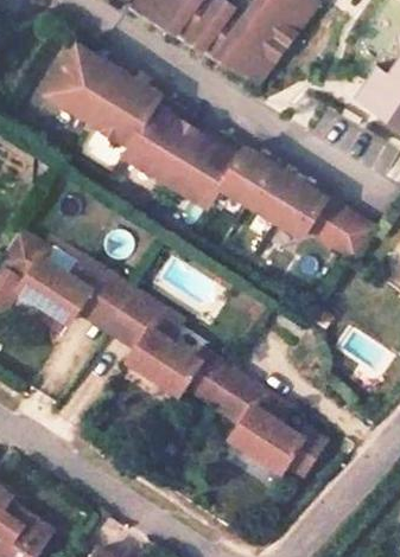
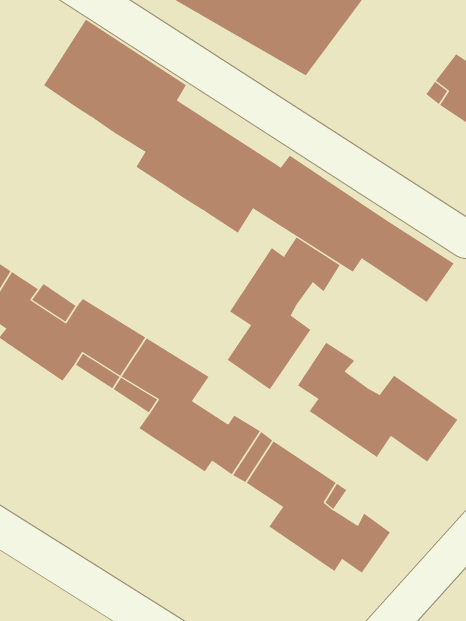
building: none -> [227,237,340,390]
building: none -> [297,342,458,462]

